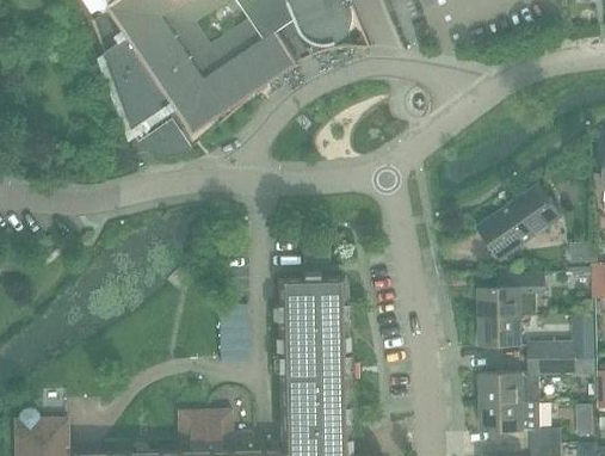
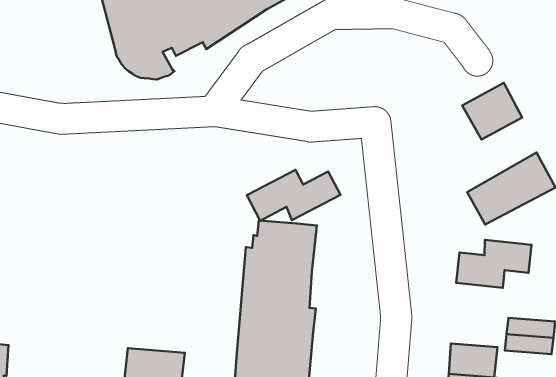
building: none -> [462,83,522,140]
building: none -> [247,170,340,221]
building: [477,315,523,345] -> none

